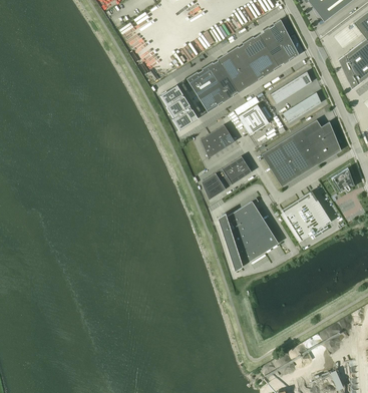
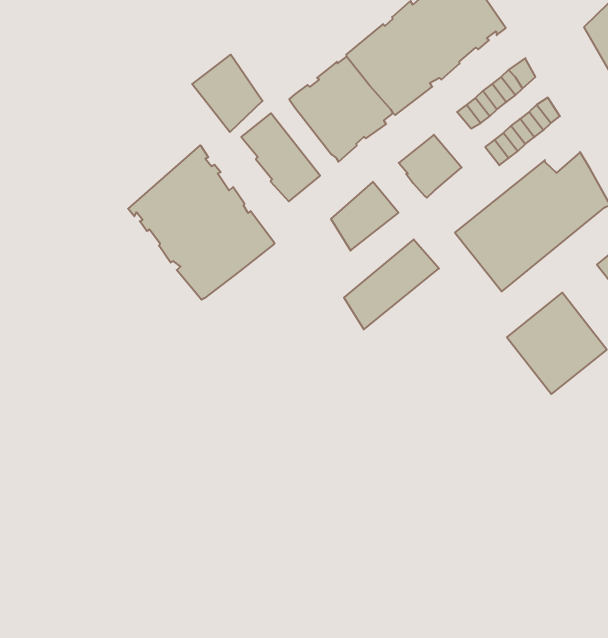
building: none -> [192,55,263,132]
building: none -> [128,145,274,300]
building: [218,198,279,271] -> none

